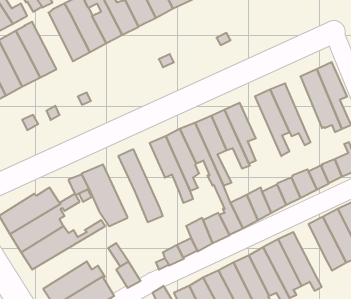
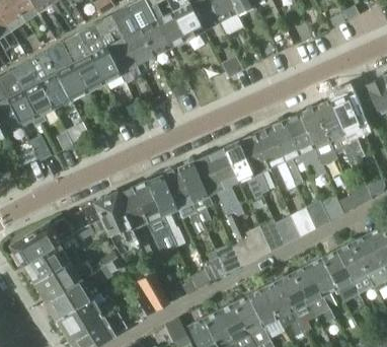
building: none -> [45,43,85,99]
building: none -> [298,107,340,180]
building: none -> [252,127,294,190]
building: none -> [146,174,185,247]
building: none -> [115,187,153,258]
building: none -> [306,255,337,308]
building: none -> [45,256,125,320]
building: none -> [136,263,169,310]

